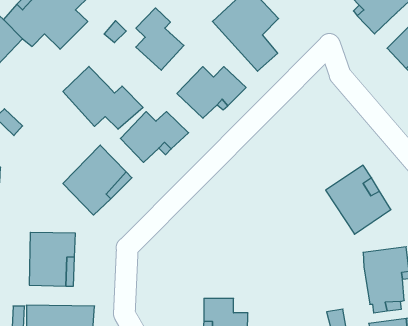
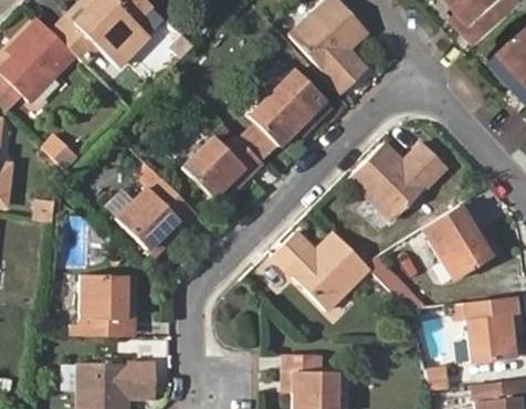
building: [136,8,184,70] -> none
building: [63,66,143,129] -> none
building: none -> [350,145,444,222]
building: none -> [274,235,369,312]

